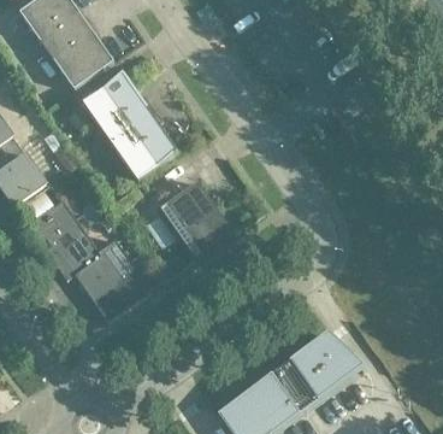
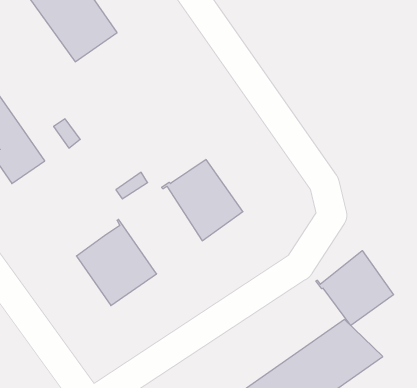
building: [82,72,177,180] -> none
building: [25,198,101,278] -> none
building: none -> [316,251,394,326]

